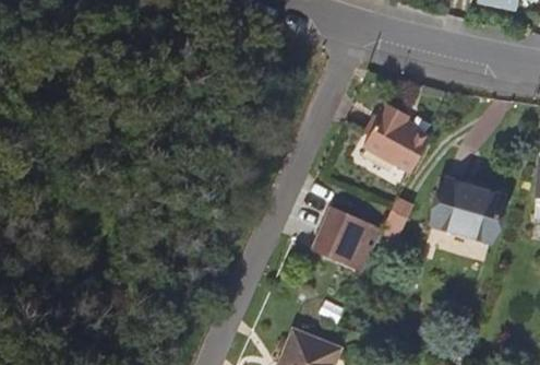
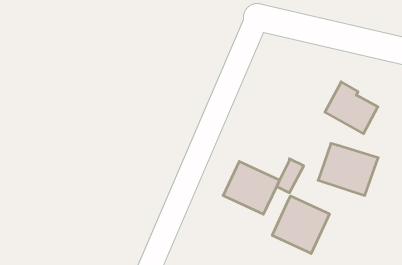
building: [363,109,428,173] -> [325,82,378,134]
building: none -> [272,196,329,254]

